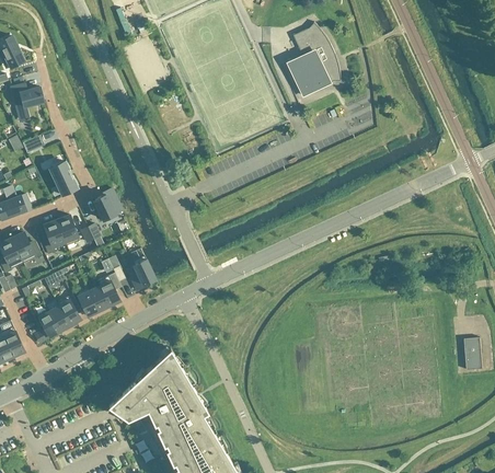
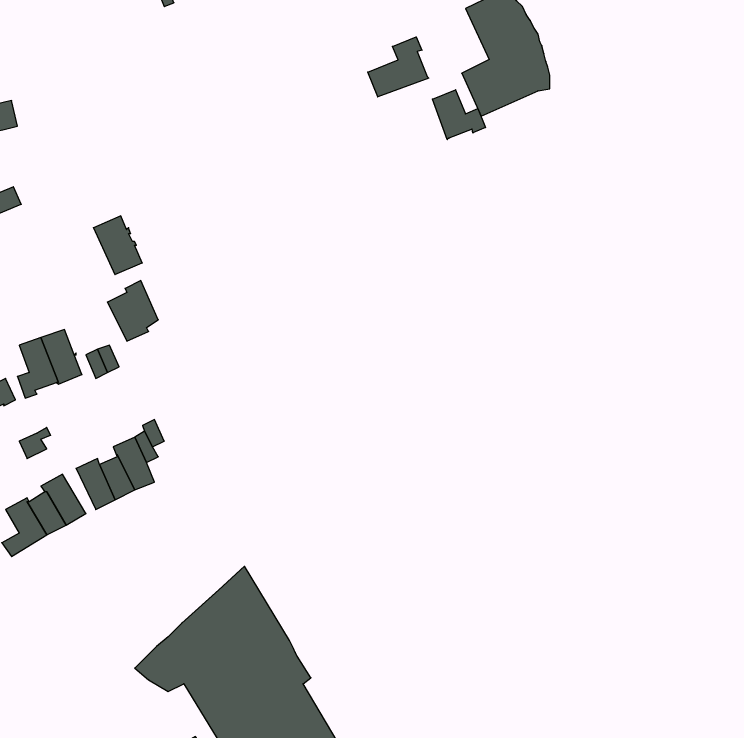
building: none -> [368,37,429,97]
building: none -> [432,90,485,140]
building: [49,162,77,195] -> [93,216,142,275]
building: [126,256,154,290] -> none

